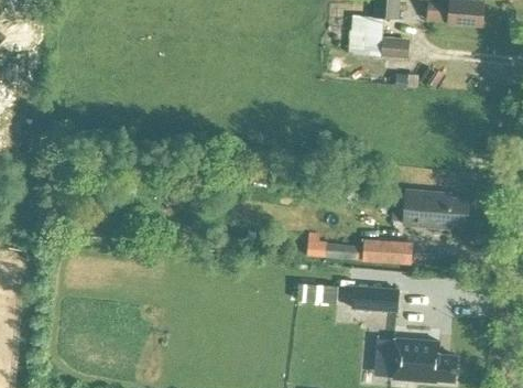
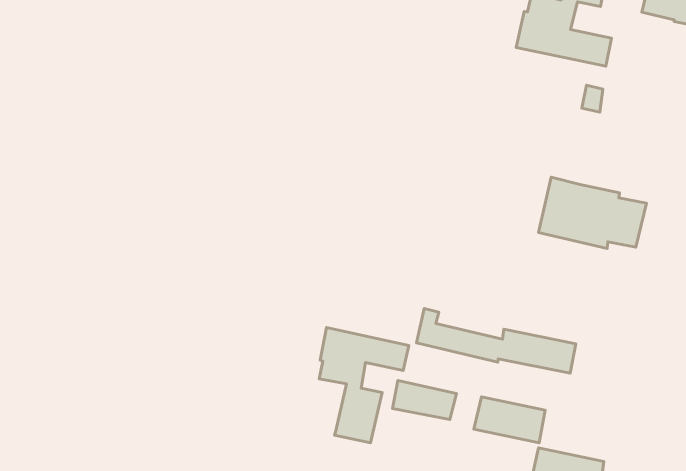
building: [402,190,470,231] -> [539,177,647,248]
building: none -> [319,327,409,443]

